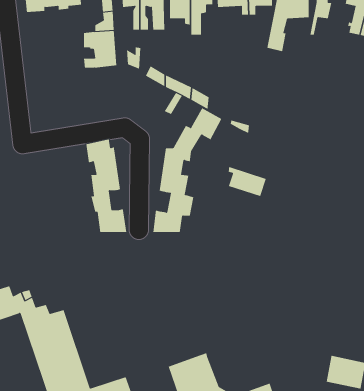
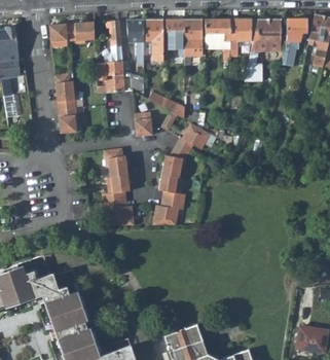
building: none -> [53,75,80,135]
building: none -> [135,113,154,138]
building: [228,166,267,197] -> none

